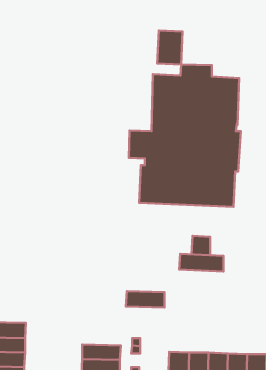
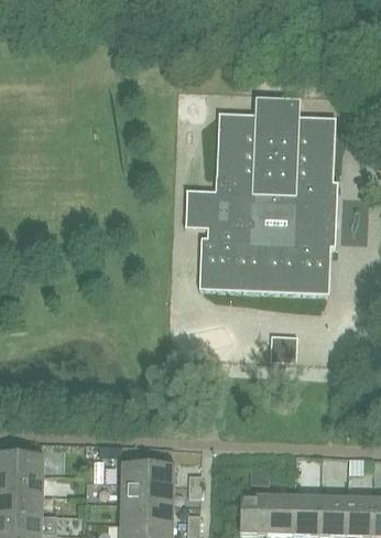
building: [157,31,183,64] -> none
building: [179,254,224,272] -> none
building: [126,291,165,307] -> [121,462,174,484]

